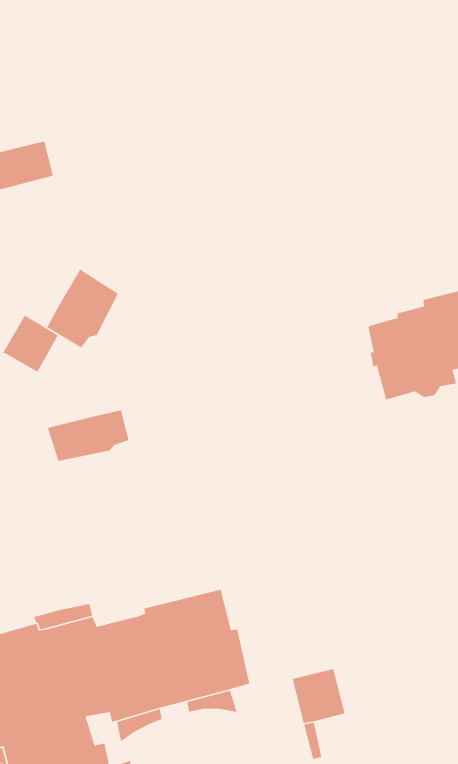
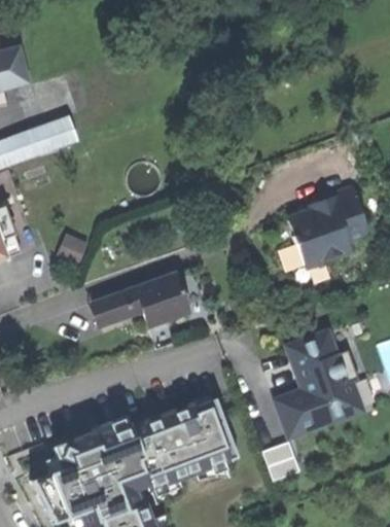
building: [46,268,119,349] -> none
building: none -> [134,273,188,325]
building: none -> [276,331,360,435]

